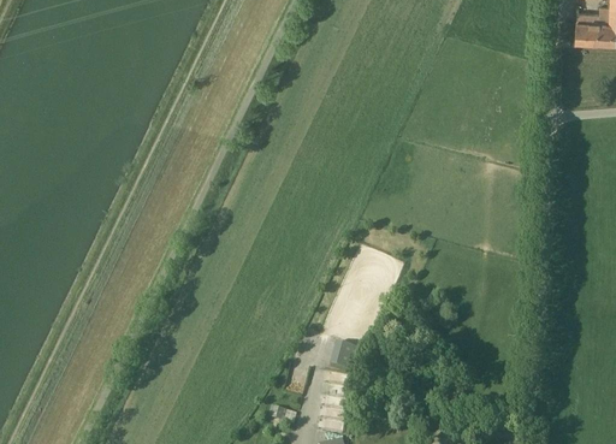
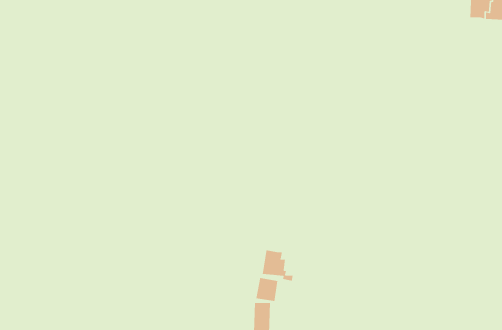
building: none -> [262,249,293,281]

